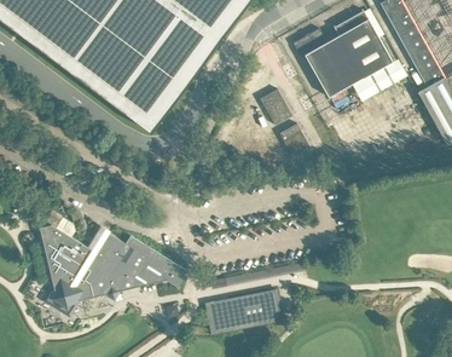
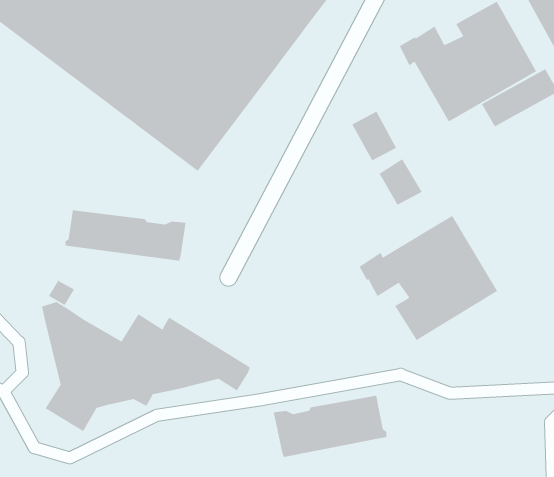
building: none -> [65,209,186,262]
building: none -> [358,215,498,342]

